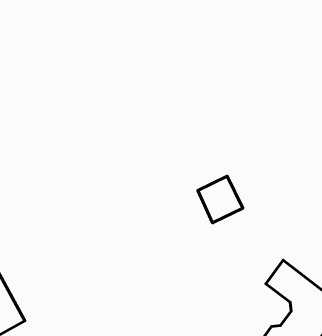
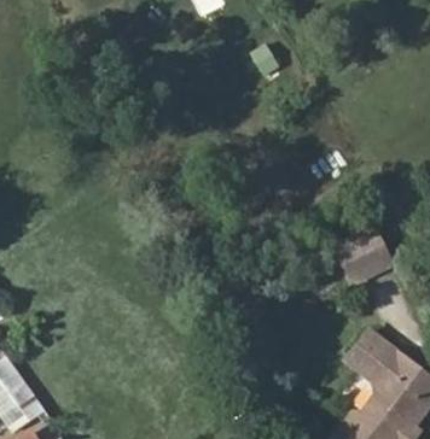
building: [198,176,243,223] -> [333,228,389,286]

